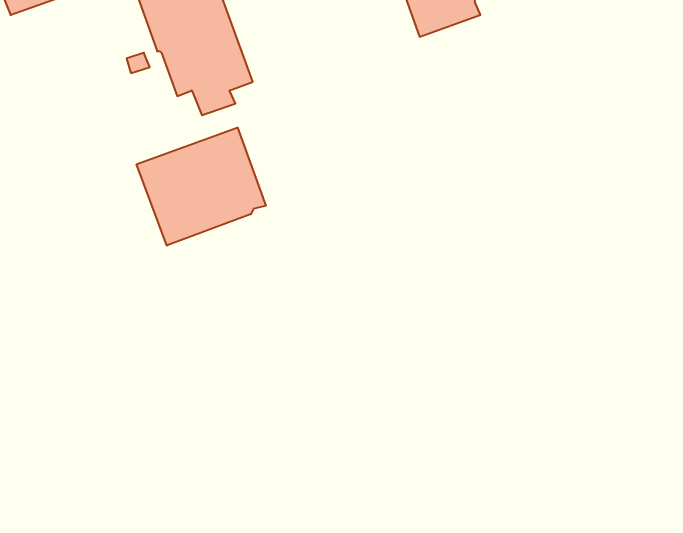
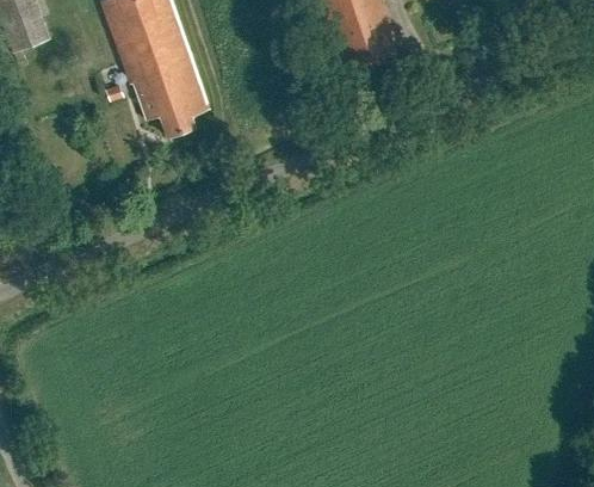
building: [137,128,266,246] -> none

